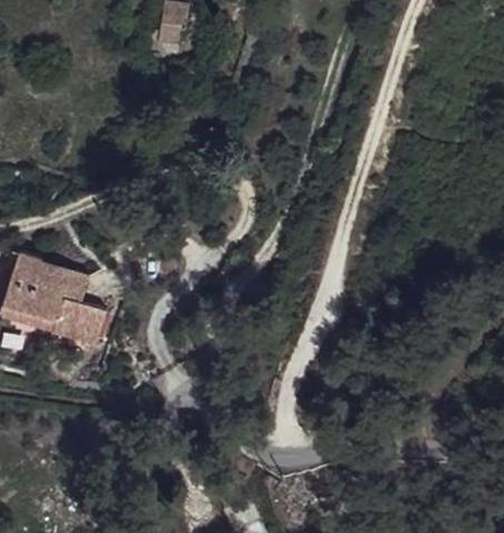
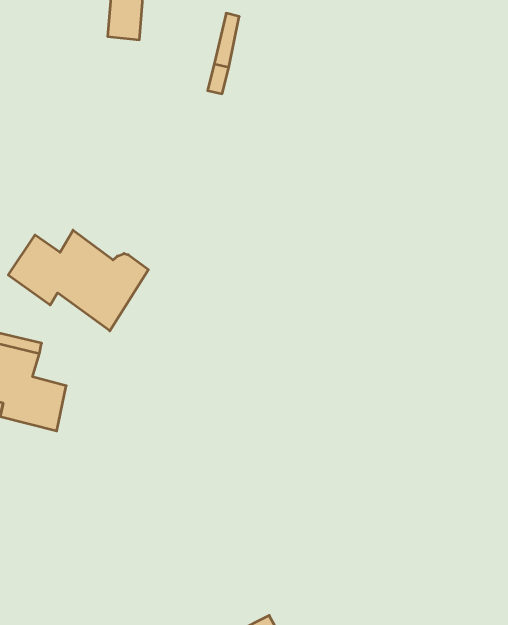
building: none -> [8,230,148,331]

